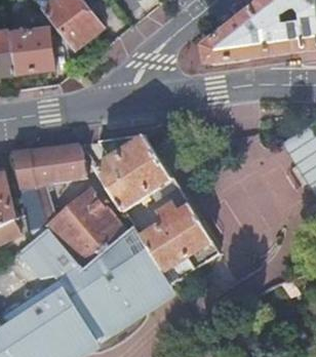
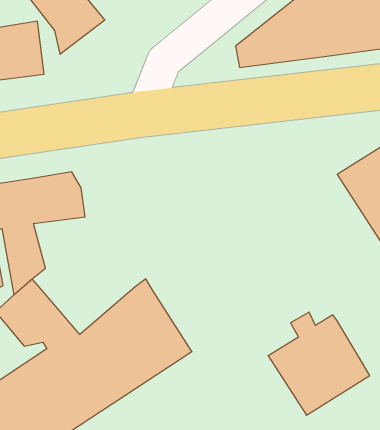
building: [96,134,172,210] -> none
building: [45,189,125,270] -> none
building: [140,203,219,283] -> [268,312,370,415]

